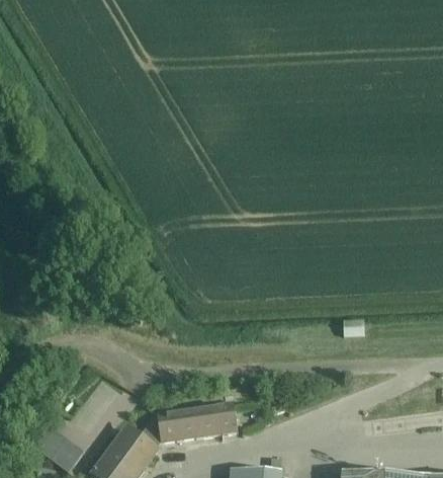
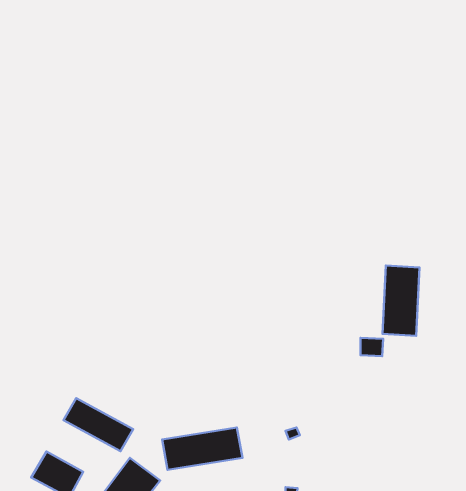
building: none -> [382,265,419,336]
building: none -> [64,398,133,451]

